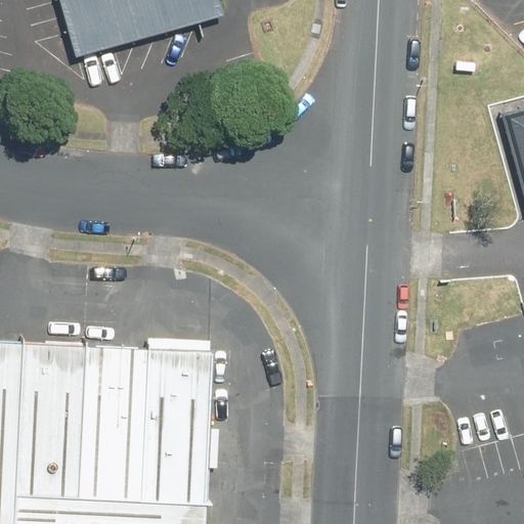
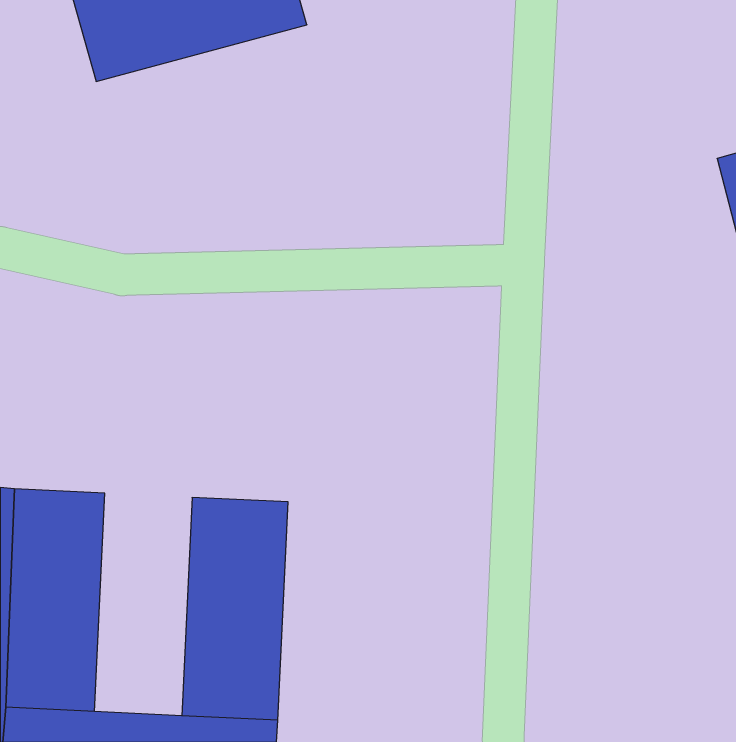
building: [72,347,140,504] -> none

